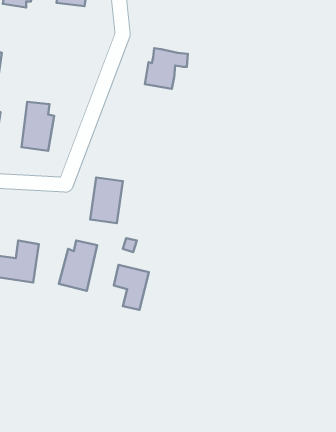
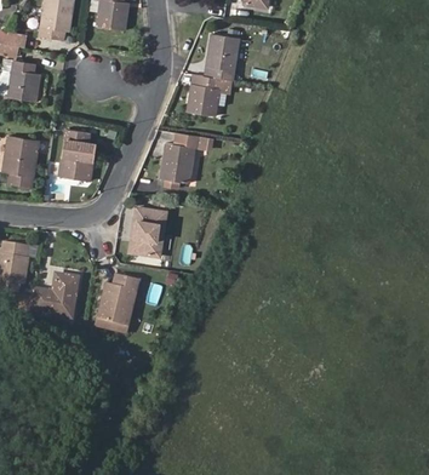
building: none -> [205,34,240,80]
building: none -> [161,131,200,183]
building: [114,265,149,310] -> none

